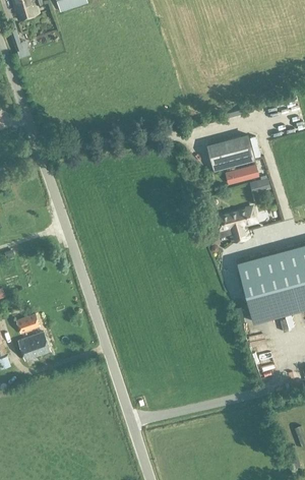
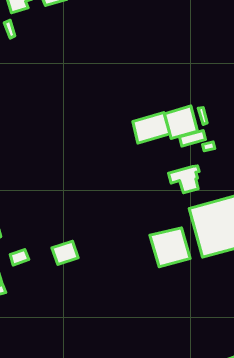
building: none -> [133,113,170,143]
building: none -> [150,228,190,267]
building: [17,333,50,361] -> [52,241,78,264]

